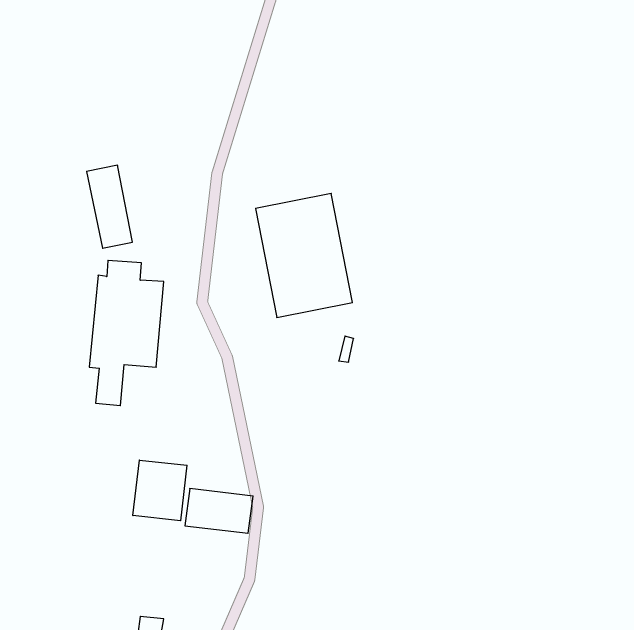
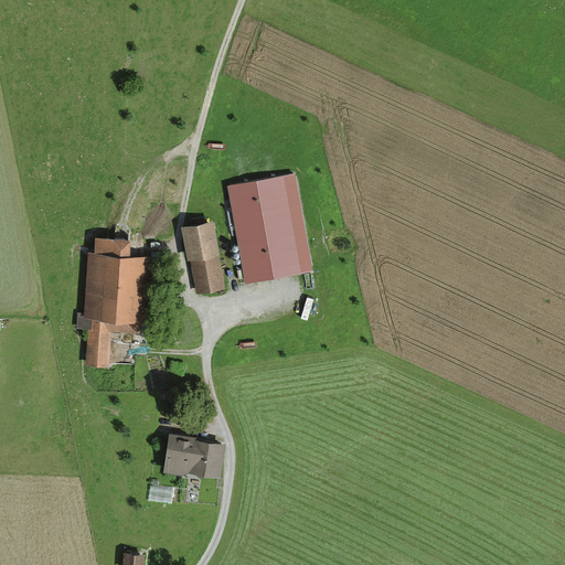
building: [87,165,132,248] -> [183,218,224,292]
building: [133,460,187,521] -> none

